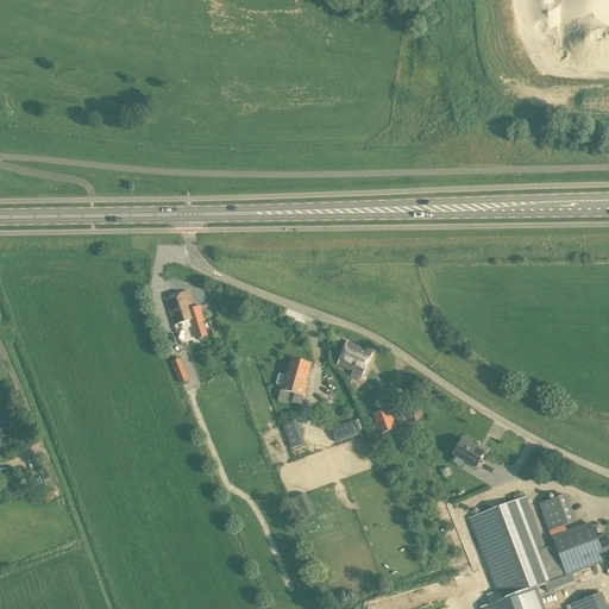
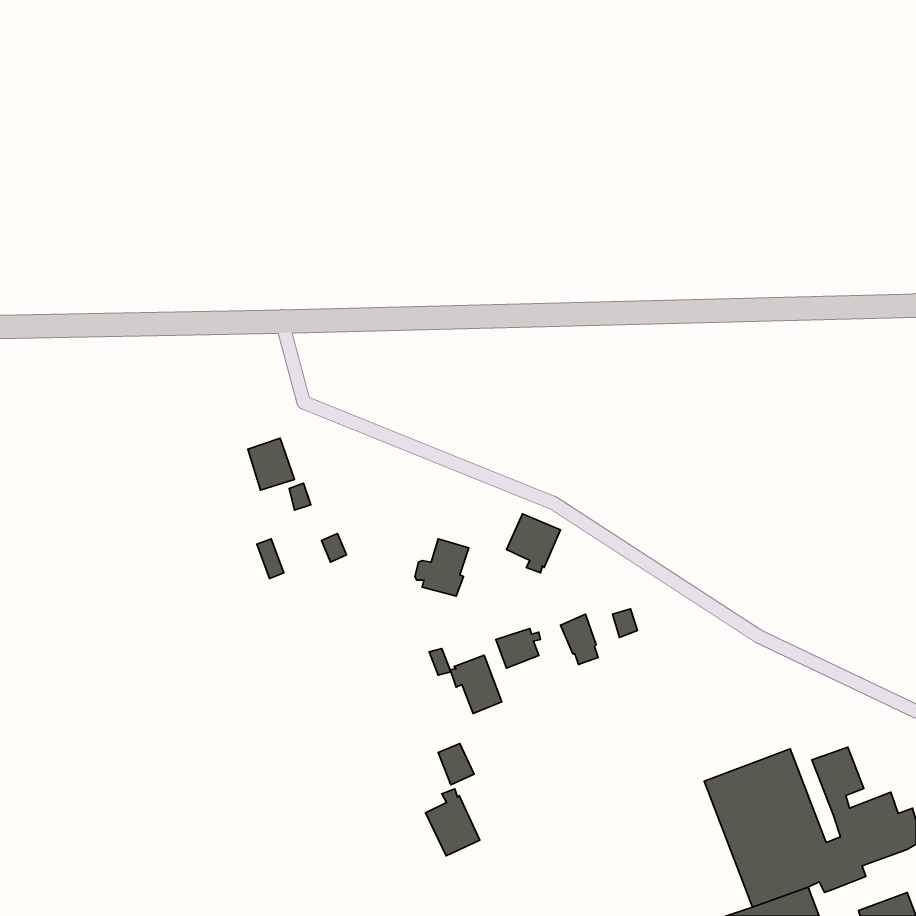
building: none -> [450,655,502,713]
building: [452,438,484,467] -> none
building: none -> [426,789,480,856]

